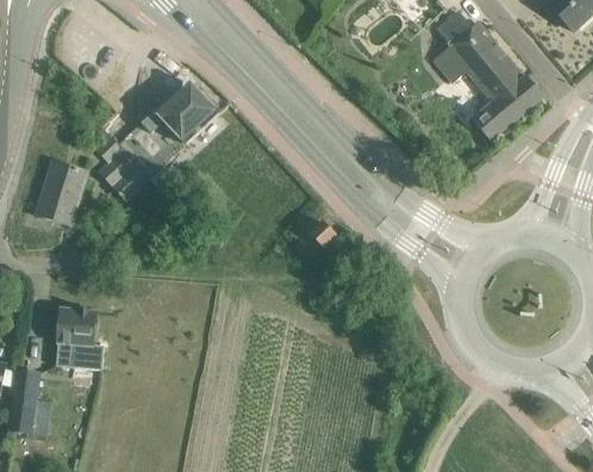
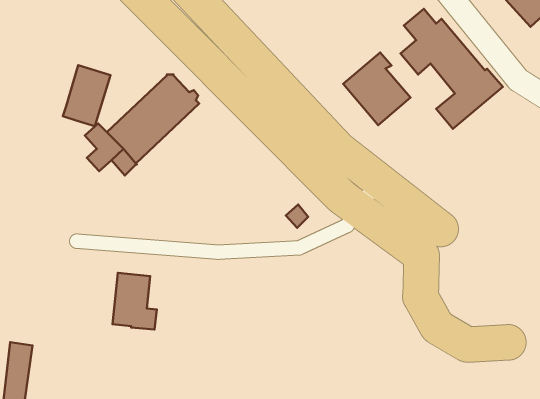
building: none -> [343,53,411,125]
building: [36,160,87,225] -> [63,65,110,126]
building: [55,308,102,368] -> [112,273,157,330]

